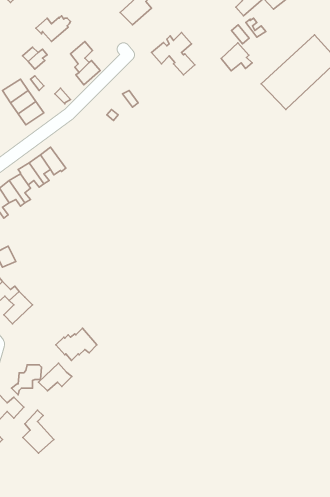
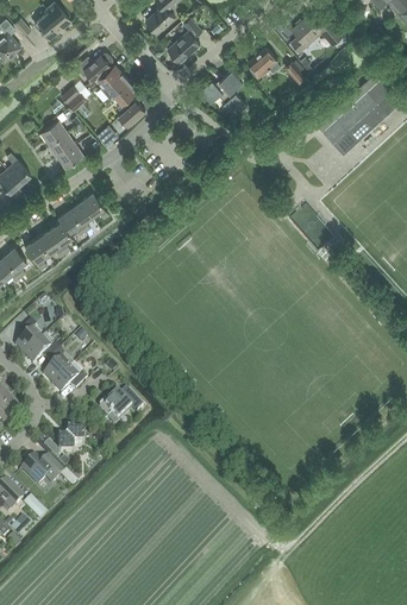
building: none -> [98,64,129,97]
building: [221,43,252,71] -> [248,46,281,76]
building: [39,363,72,391] -> [51,361,87,391]
building: [23,410,54,453] -> none

